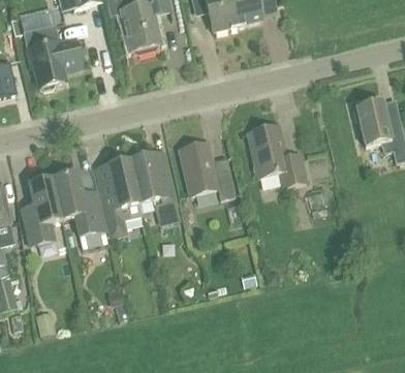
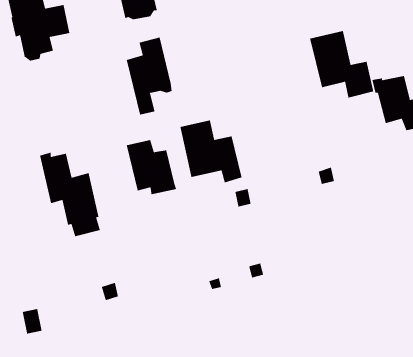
building: [247,124,306,186] -> [309,30,374,99]
building: [99,163,142,235] -> [126,37,173,115]
building: [24,173,62,245] -> none

